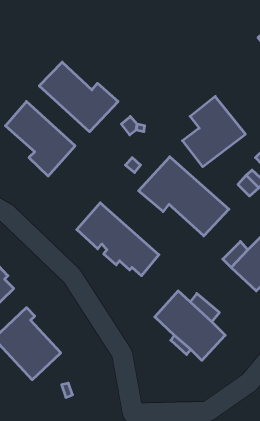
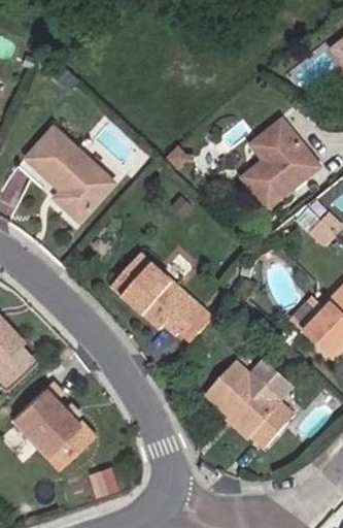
building: [39,62,118,132] -> none
building: [139,157,229,236] -> none

